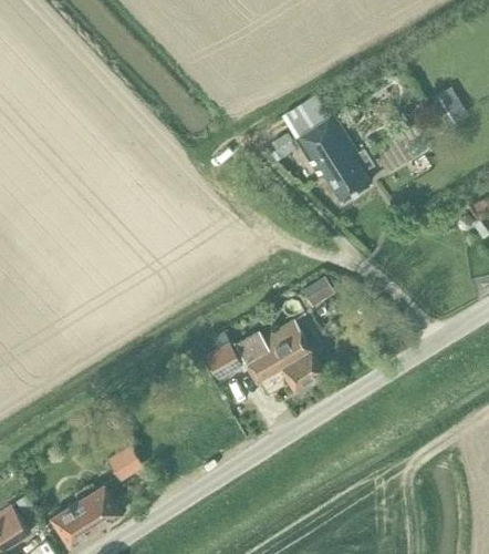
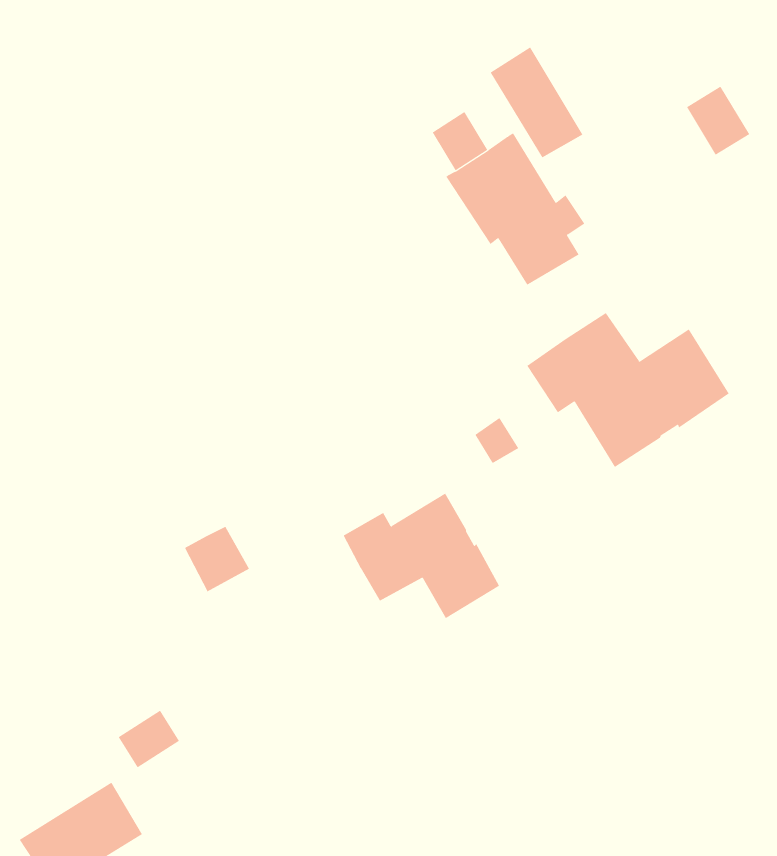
building: none -> [490,46,583,158]
building: none -> [527,312,730,468]
building: [205,340,242,379] -> [184,524,250,592]

